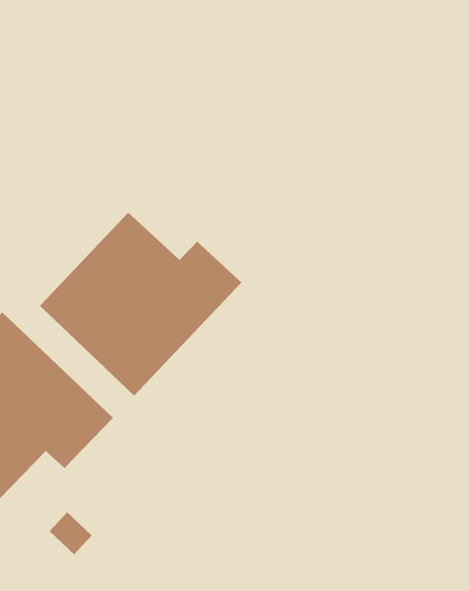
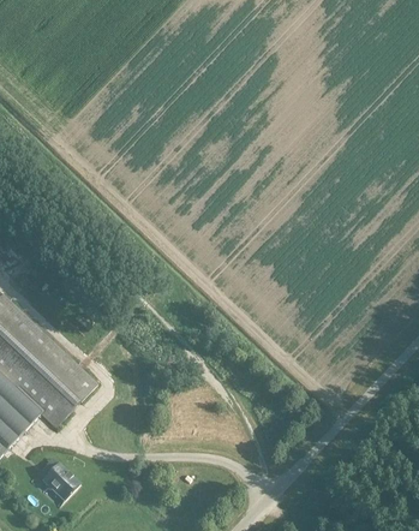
building: [39,212,242,396] -> none

